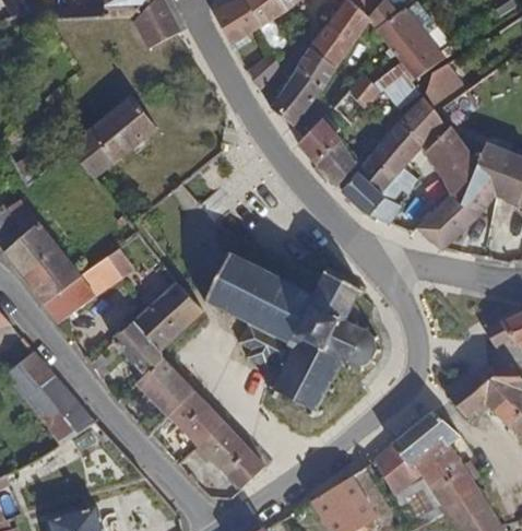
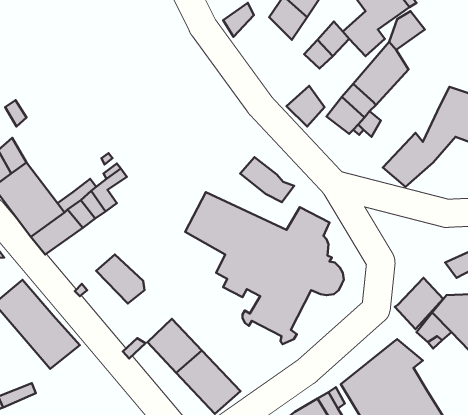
building: [270,68,320,127] -> none
building: [67,96,156,178] -> none
building: [298,116,339,163] -> none
building: [426,123,478,201] -> none
building: [342,174,400,222] -> [240,157,294,202]
building: [131,280,204,350] -> none
building: none -> [395,278,443,329]
building: [135,359,192,415] -> none

